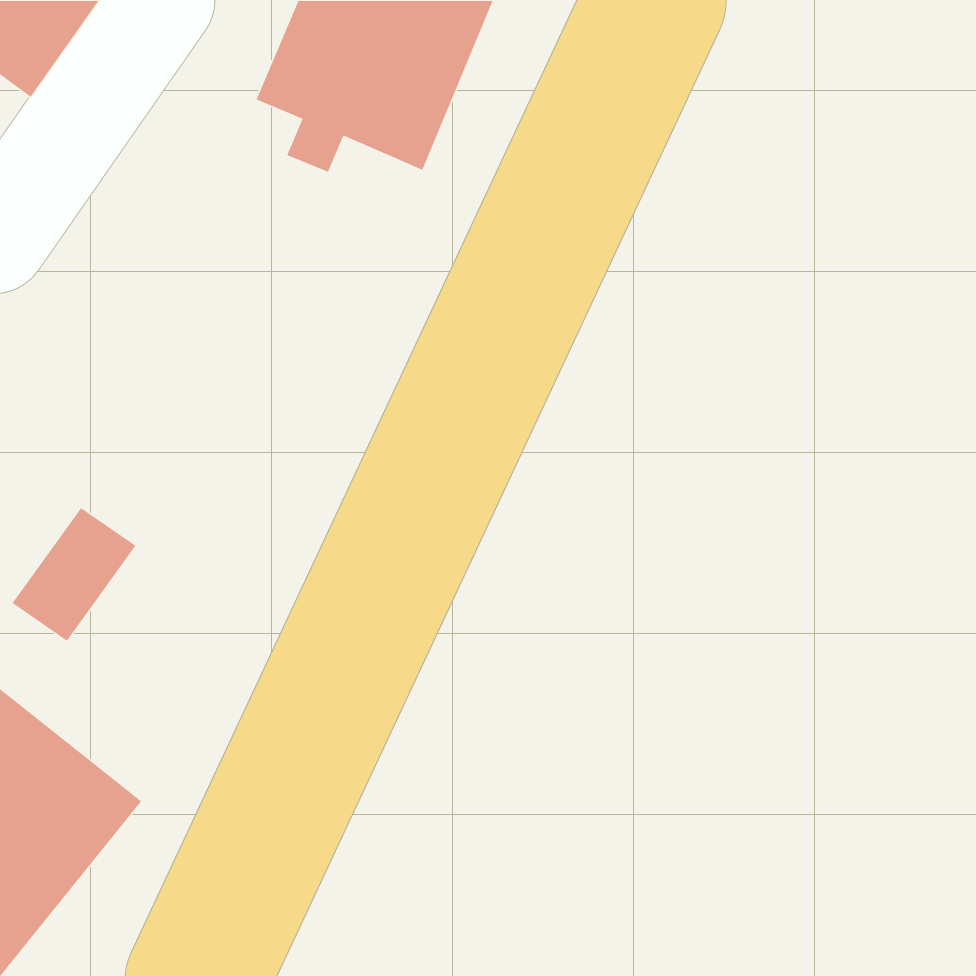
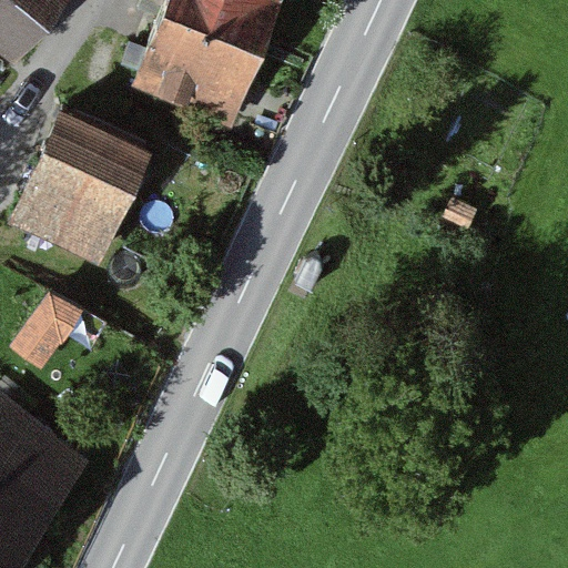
building: none -> [14,105,150,256]

